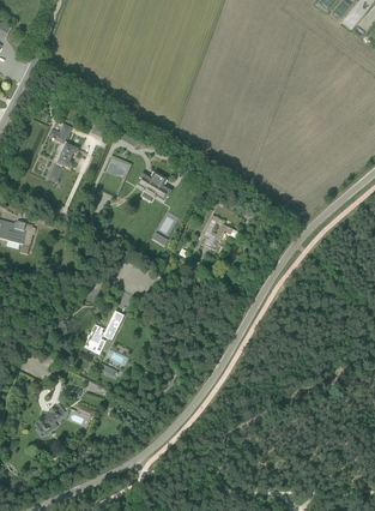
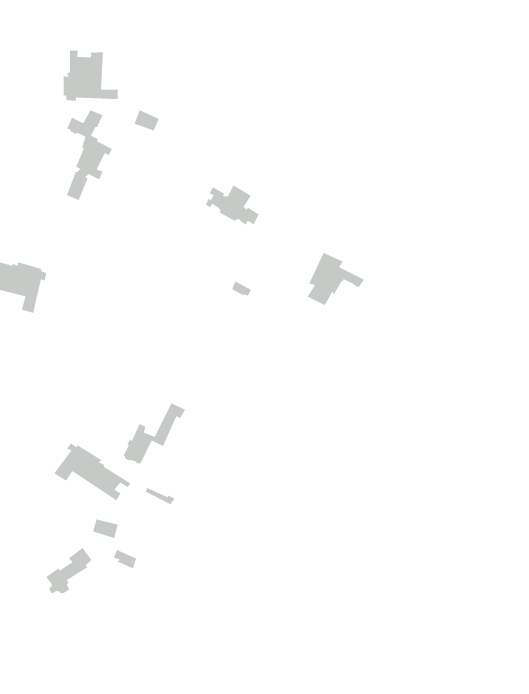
building: none -> [63,50,119,101]
building: none -> [53,443,131,501]

